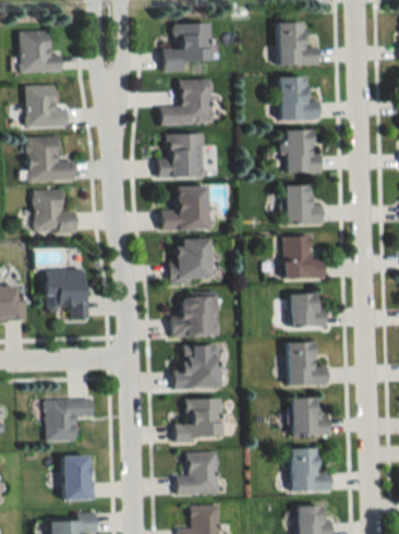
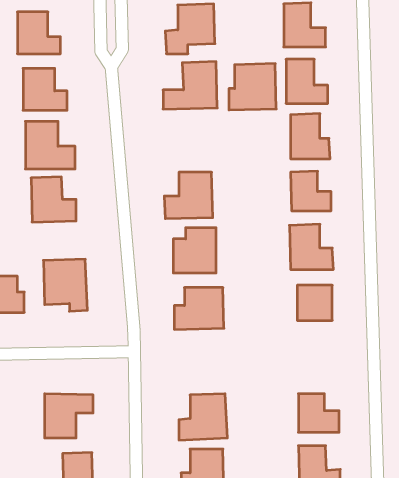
building: [158,133,204,178] -> [229,64,276,110]
building: [288,342,327,386] -> none
building: [173,345,220,389] -> none

